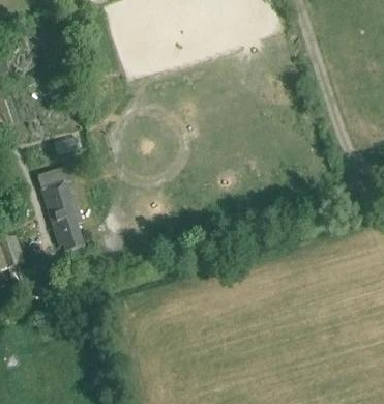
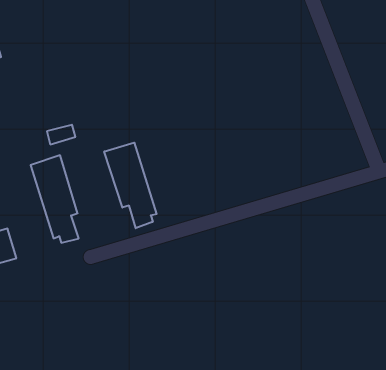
building: none -> [104,143,157,228]

